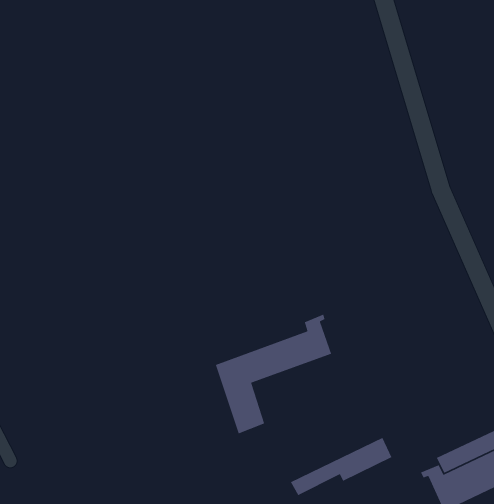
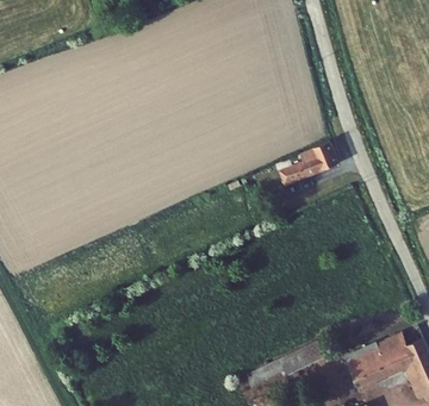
building: none -> [278,142,340,189]
building: [215,313,332,434] -> none

